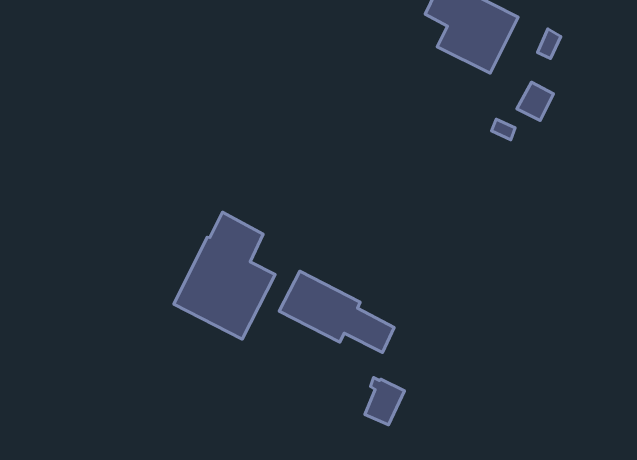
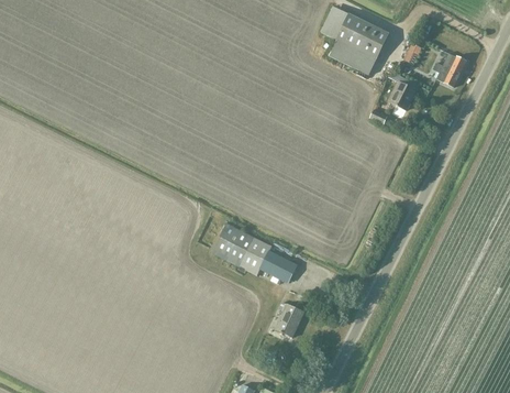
building: none -> [433,53,467,87]
building: [174,212,275,339] -> none

